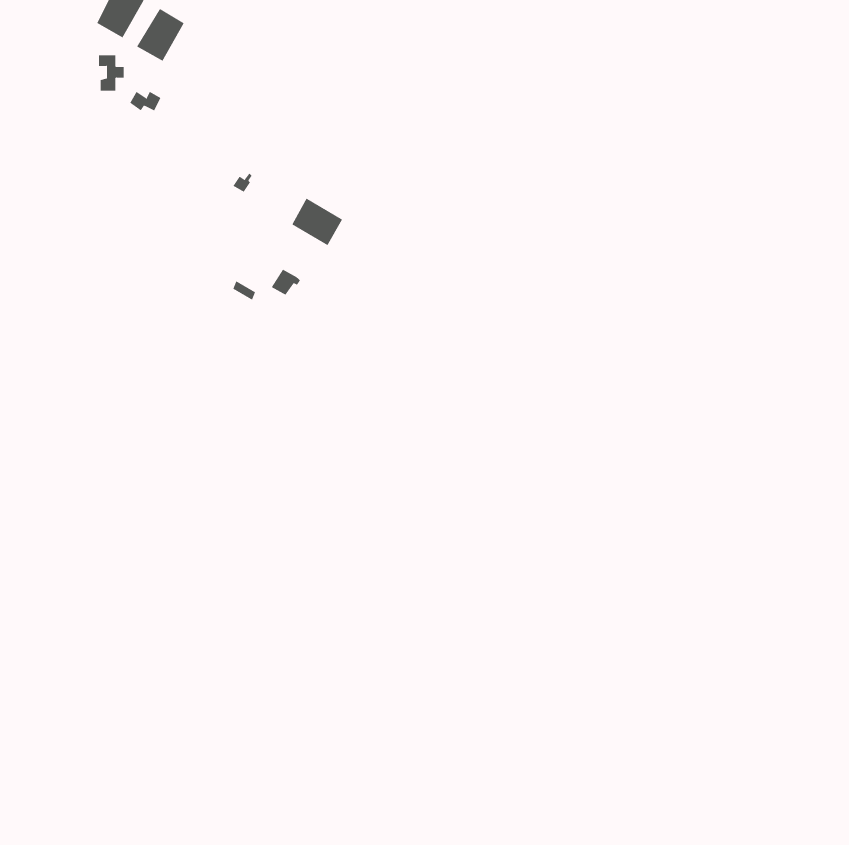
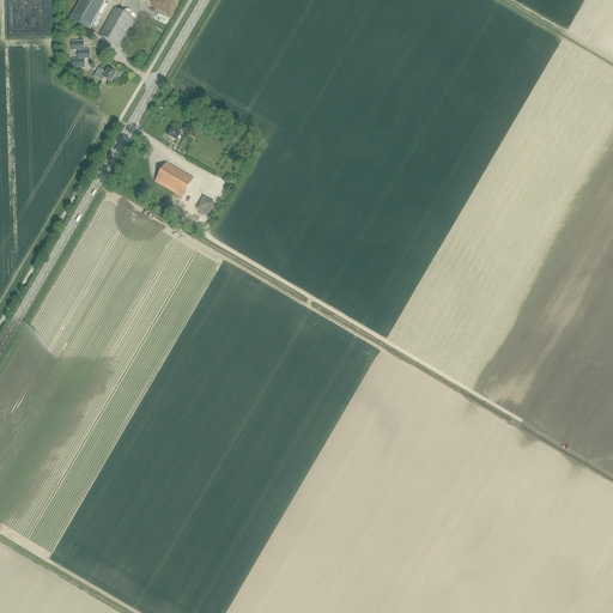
building: [291,198,343,246] -> [156,160,193,195]

